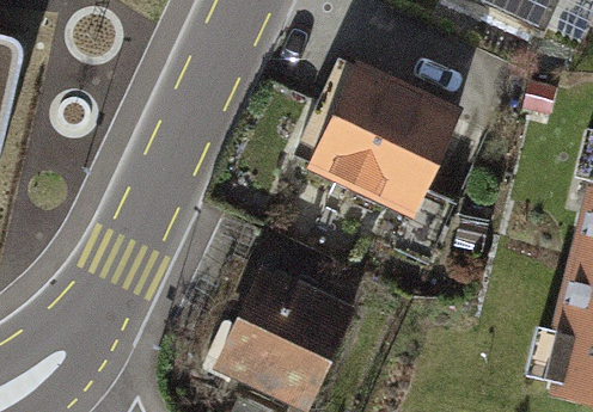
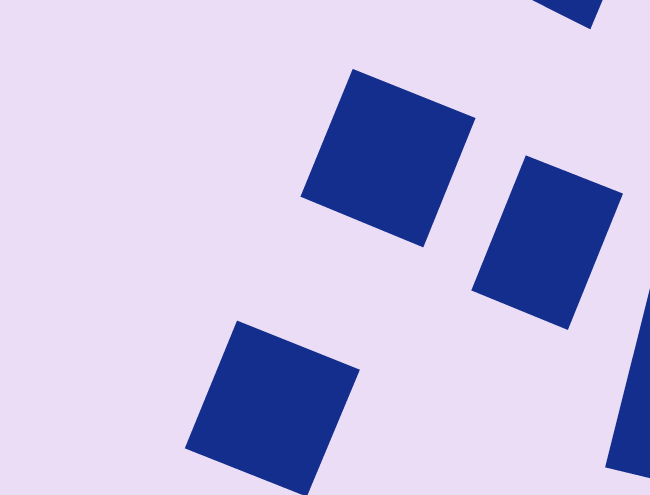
building: none -> [471,154,624,331]

